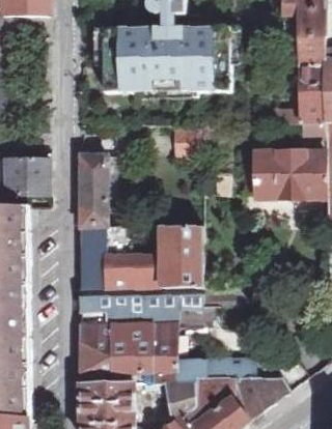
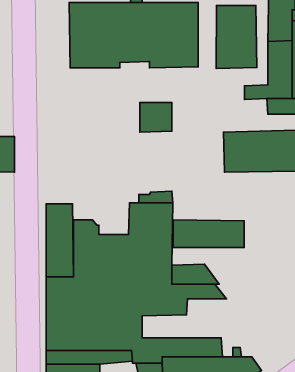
building: none -> [216,5,257,69]
building: [79,154,106,226] -> none
building: none -> [173,220,244,248]

